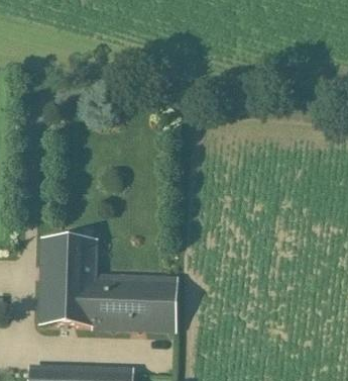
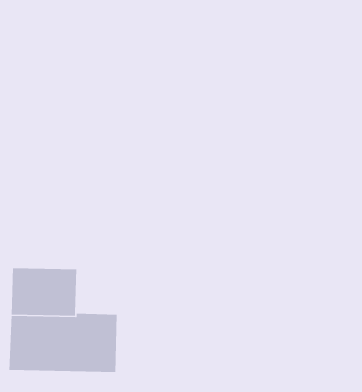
building: [130,281,176,331] -> none

